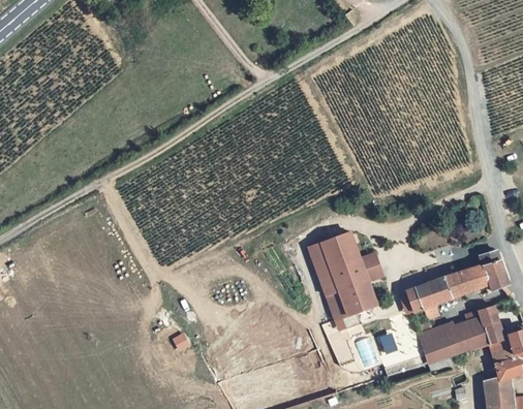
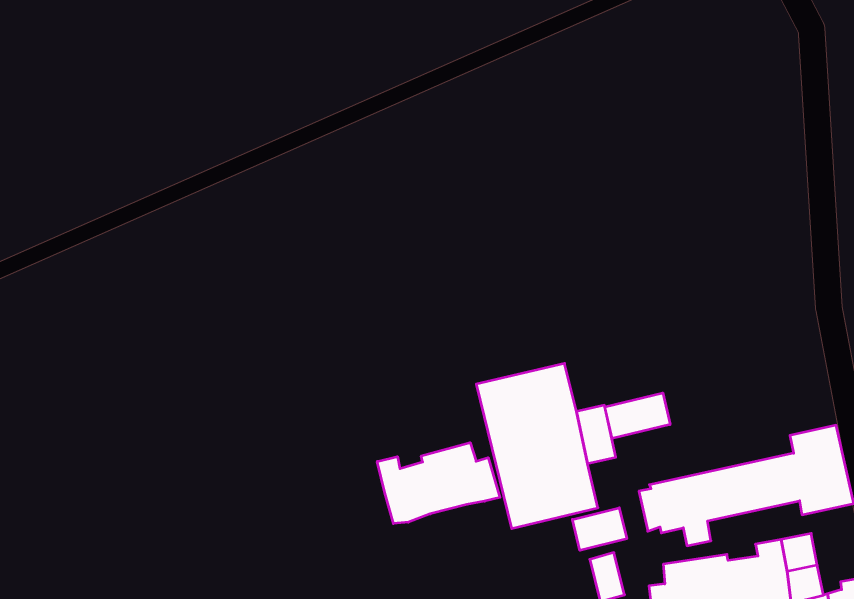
building: none -> [605,393,670,439]
building: none -> [377,443,500,524]
building: none -> [572,508,627,550]

